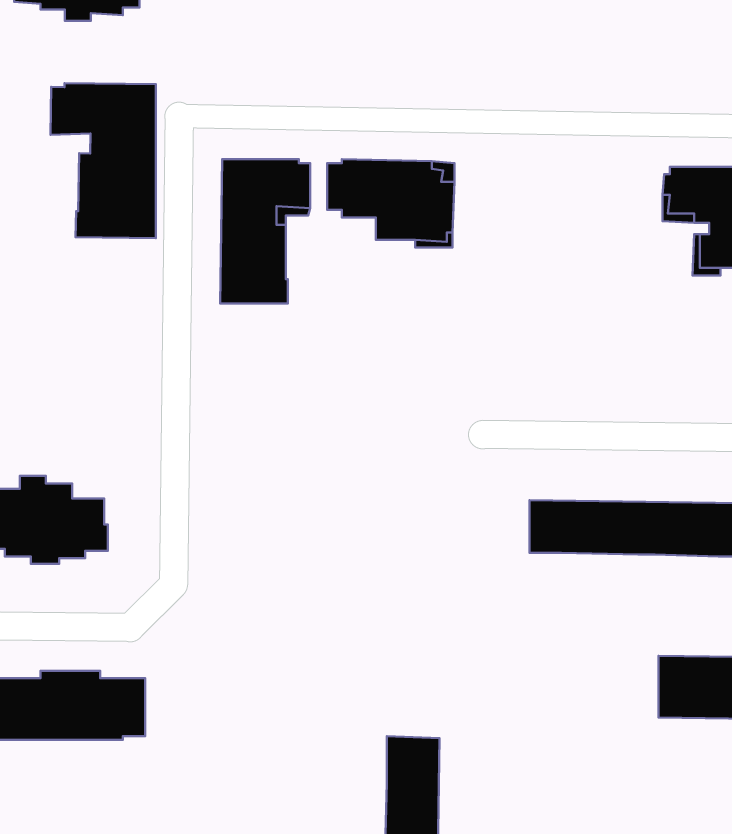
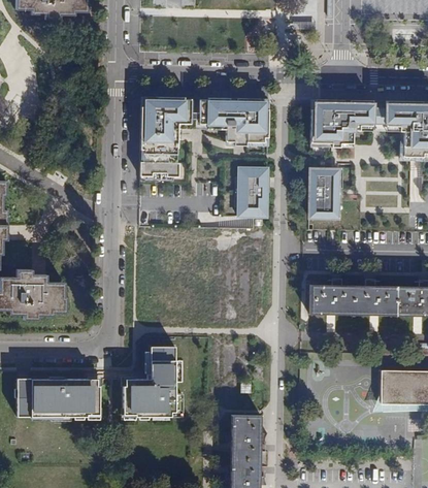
building: [50,83,156,238] -> none
building: none -> [309,99,372,143]
building: none -> [237,167,267,217]
building: none -> [308,169,337,218]
building: none -> [122,347,182,417]

